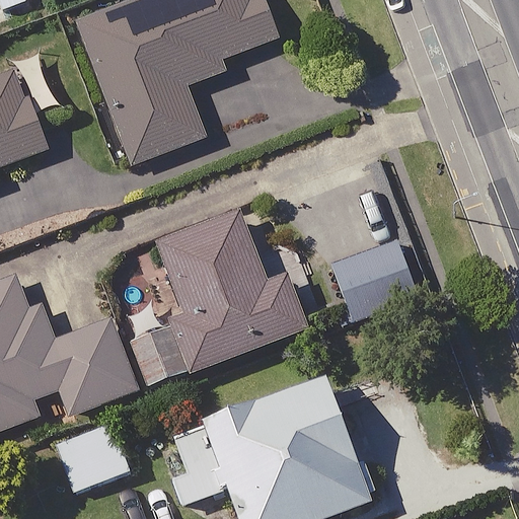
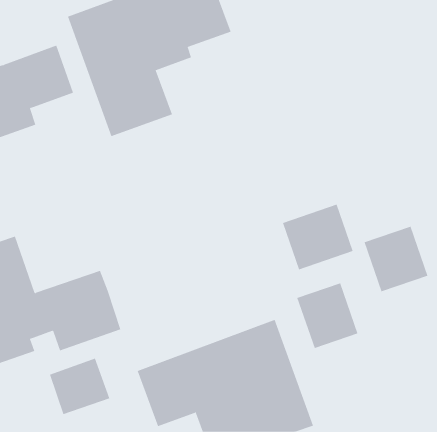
building: [128,216,309,388] -> none
building: none -> [364,226,428,292]
building: none -> [297,282,358,349]

